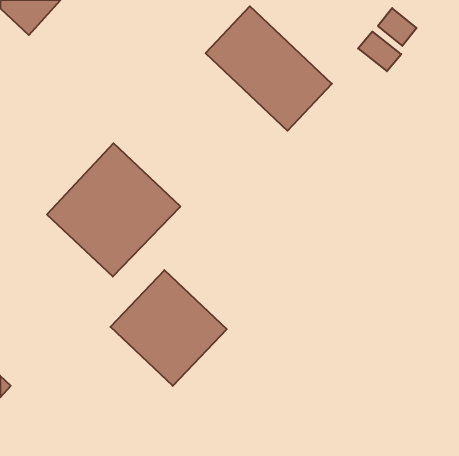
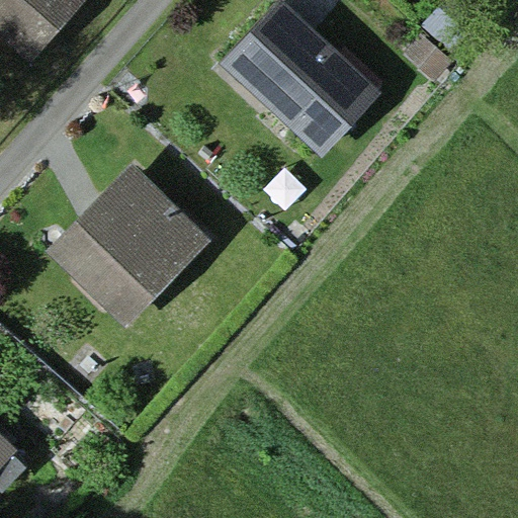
building: [110,270,227,386] -> none

